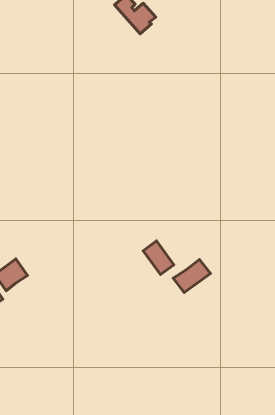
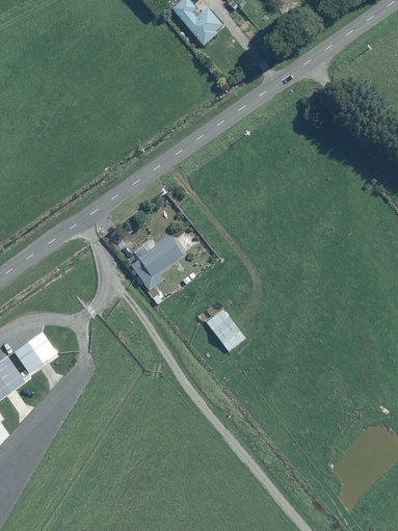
building: none -> [130,234,183,289]
building: [173,259,210,293] -> none

